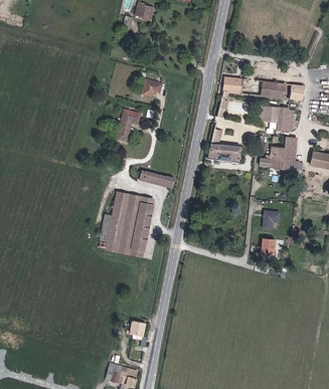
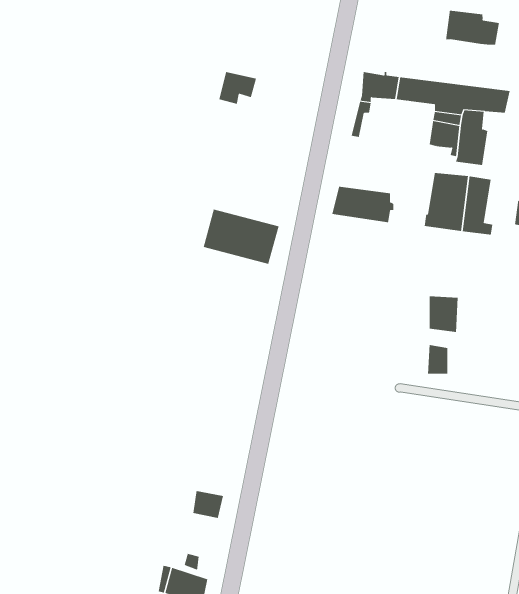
building: none -> [445,10,499,46]
building: [116,108,141,141] -> none
building: [105,194,152,256] -> none

